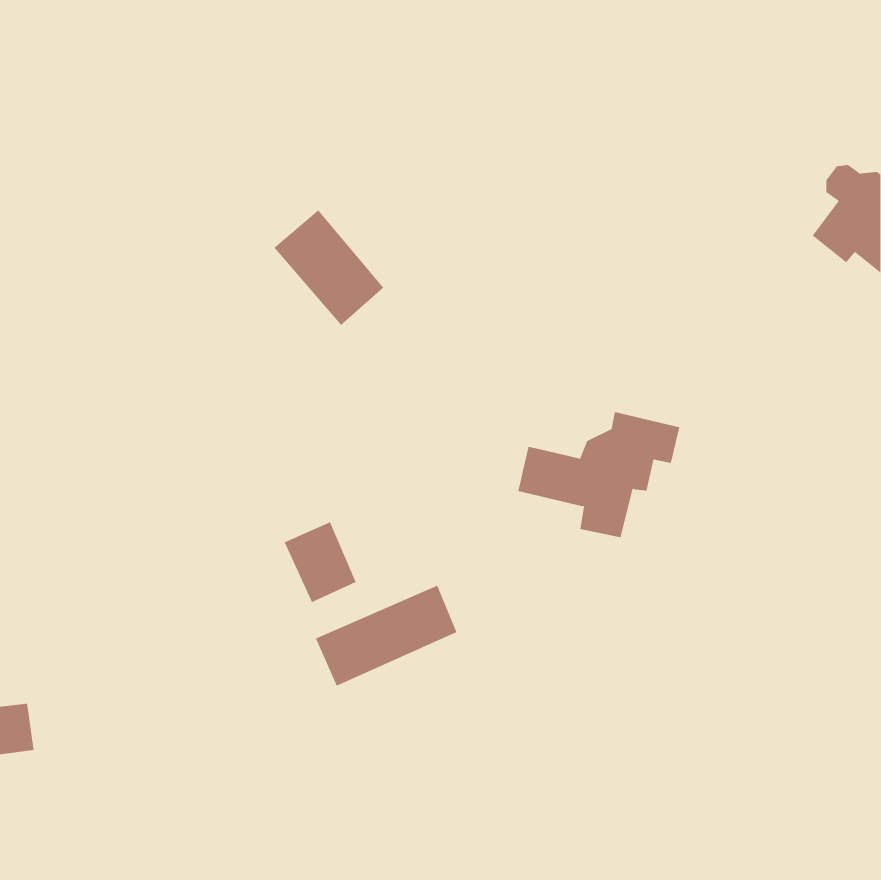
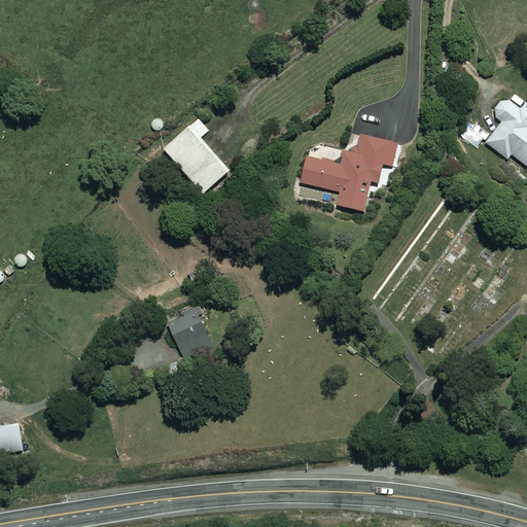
building: [517,411,680,538] -> [302,135,398,210]
building: [315,585,457,686] -> none

